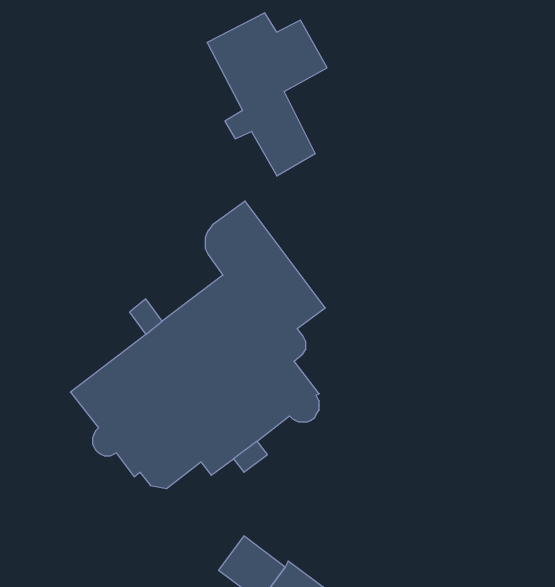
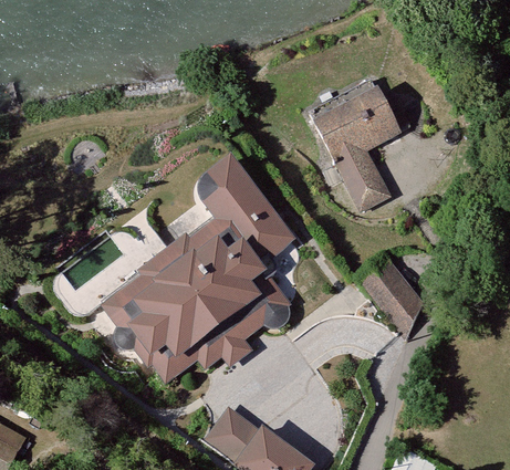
building: [207,13,327,176] -> [311,92,400,213]
building: none -> [362,254,425,337]

